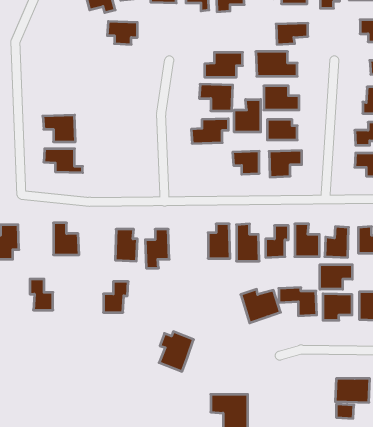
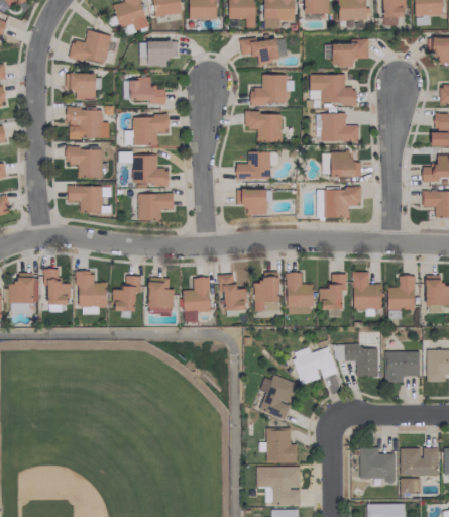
building: none -> [70,30,111,65]
building: none -> [239,37,278,64]
building: none -> [66,73,96,99]
building: none -> [130,81,165,104]
building: none -> [67,108,109,139]
building: none -> [132,115,169,145]
building: [234,99,261,132] -> none
building: none -> [133,154,169,185]
building: [233,151,259,174] -> [236,189,266,215]
building: none -> [137,193,173,221]
building: none -> [218,274,246,311]
building: [320,265,352,289] -> none
building: [30,279,53,310] -> [43,269,70,304]
building: [103,282,128,312] -> [113,276,141,311]
building: [159,332,194,371] -> [258,375,298,420]
building: none -> [266,428,297,462]
building: none -> [360,448,396,480]

